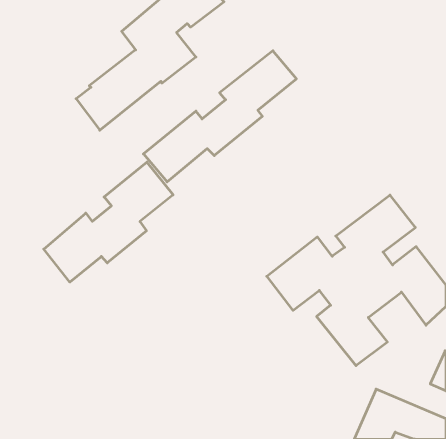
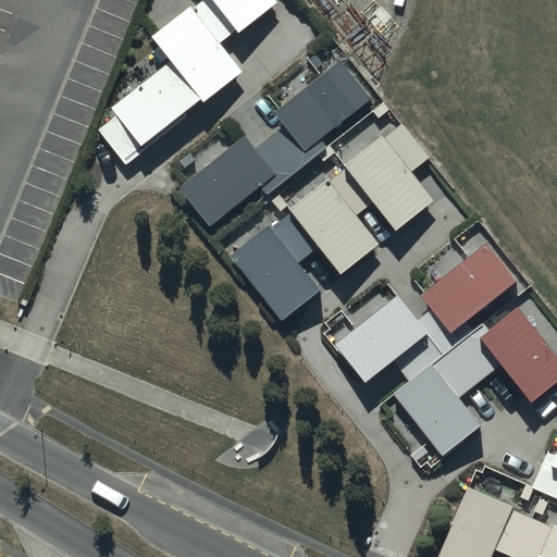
building: none -> [230,119,435,321]
building: [44,162,173,282] -> none

